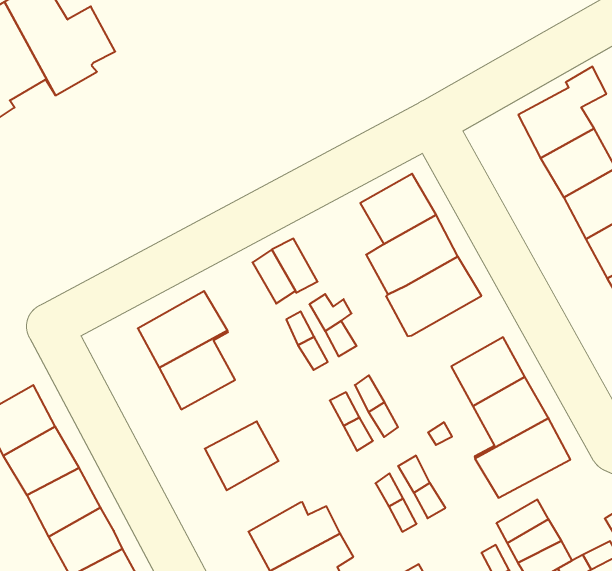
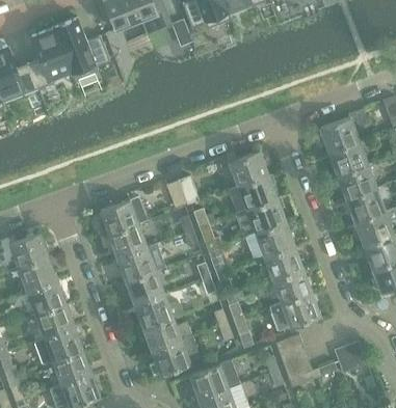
building: none -> [245,222,294,260]
building: none -> [116,244,165,281]
building: none -> [134,294,183,329]

